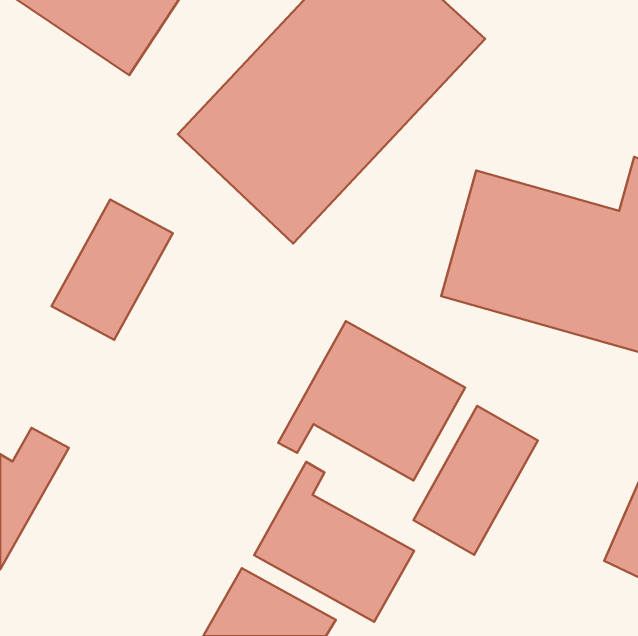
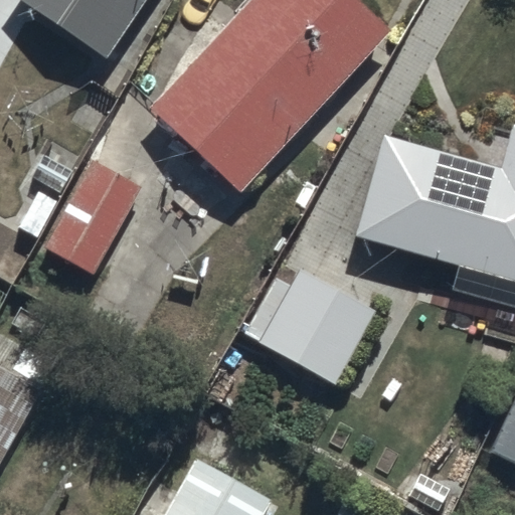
building: [413,406,538,555] -> none
building: [254,462,414,622] -> none

